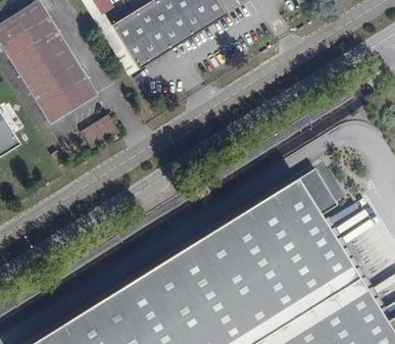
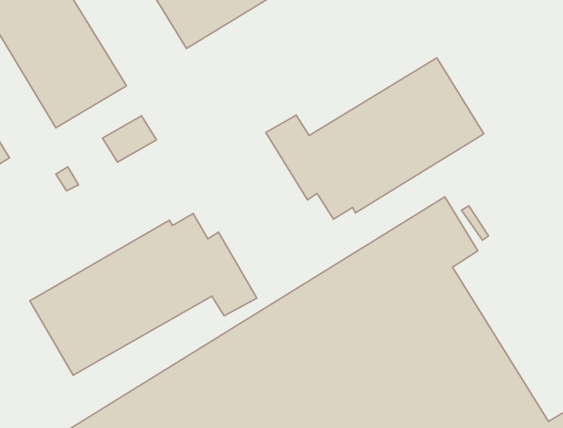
building: none -> [266,58,484,219]
building: none -> [30,214,257,375]

